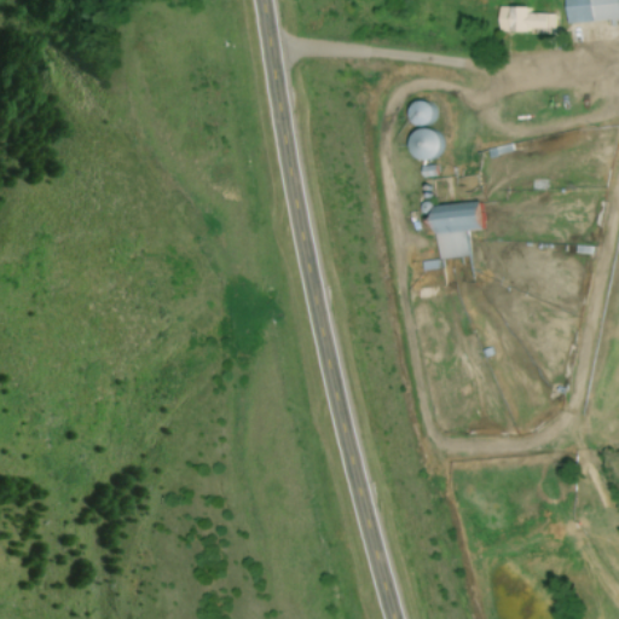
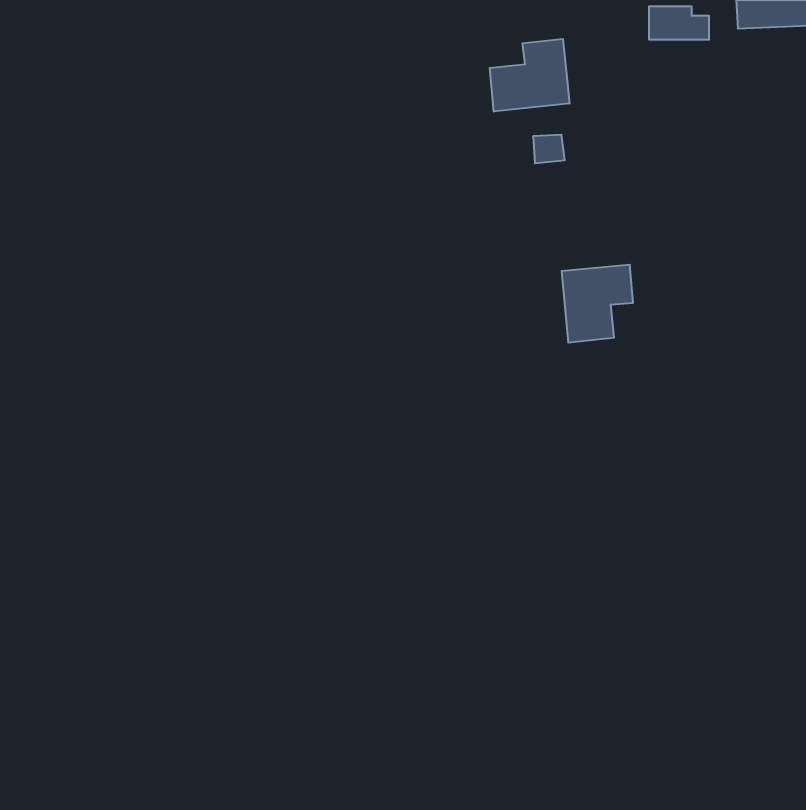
building: none -> [490,39,569,112]
building: [409,128,439,158] -> none

